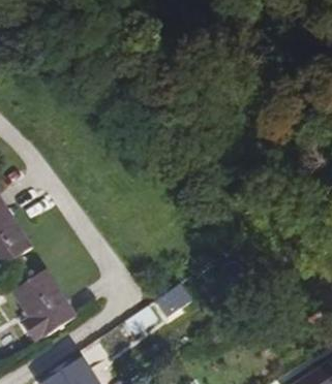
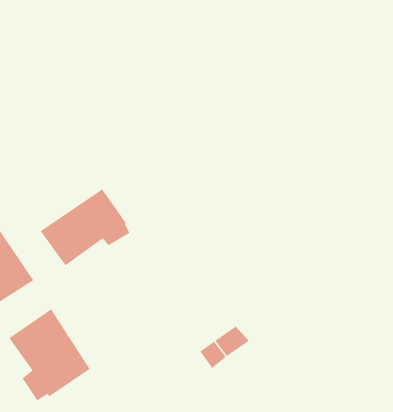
building: none -> [40,188,130,266]

